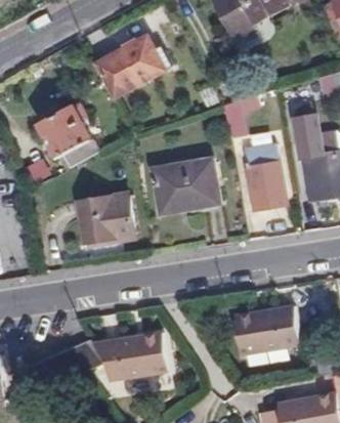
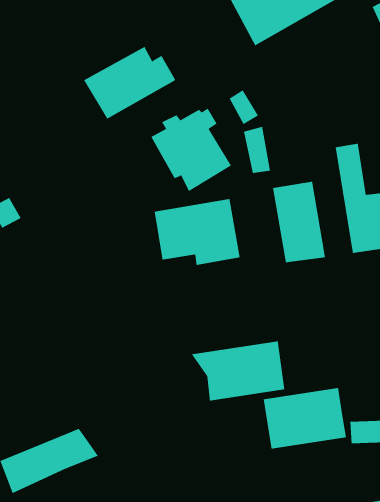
building: [37,103,100,169] -> [151,108,232,192]
building: [78,196,135,242] -> none
building: [96,331,170,378] -> [191,341,285,401]

